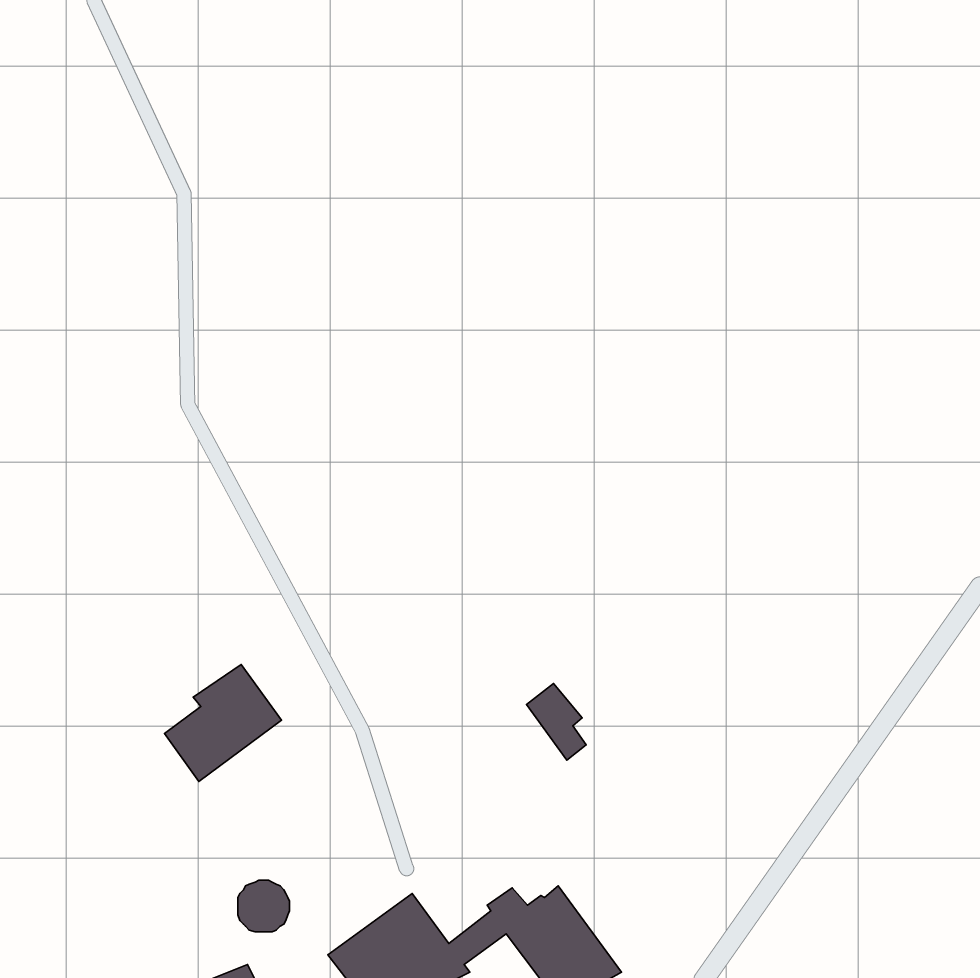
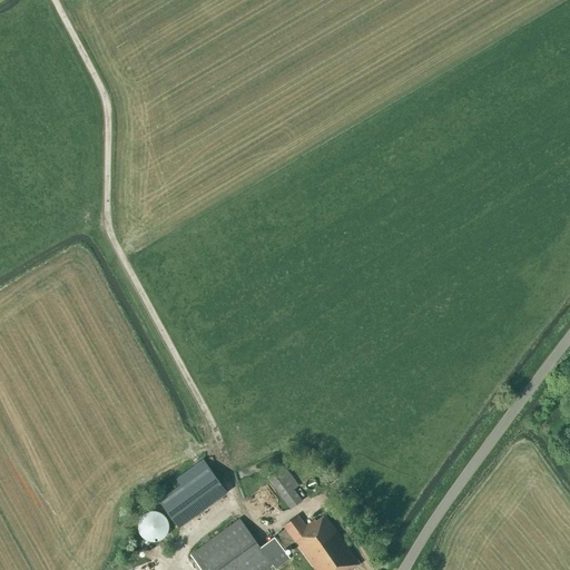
building: [164,664,281,781] -> [159,461,227,529]
building: [527,683,586,760] -> [267,466,302,511]

